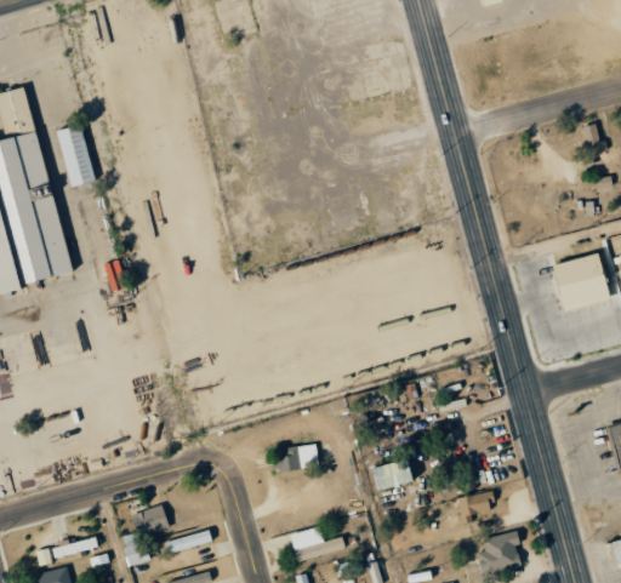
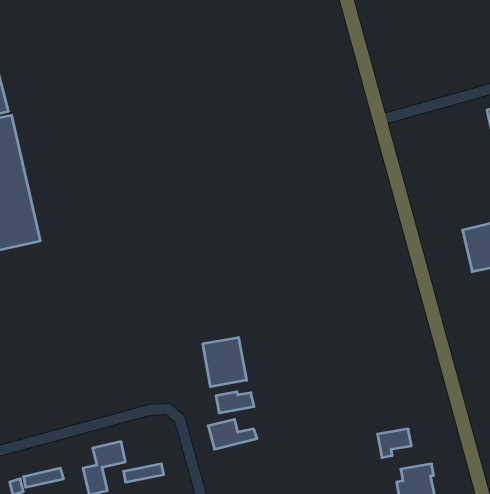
building: [56,125,95,187] -> none
building: none -> [203,337,247,387]
building: [372,458,414,490] -> none
building: [290,526,346,560] -> [208,419,257,449]

